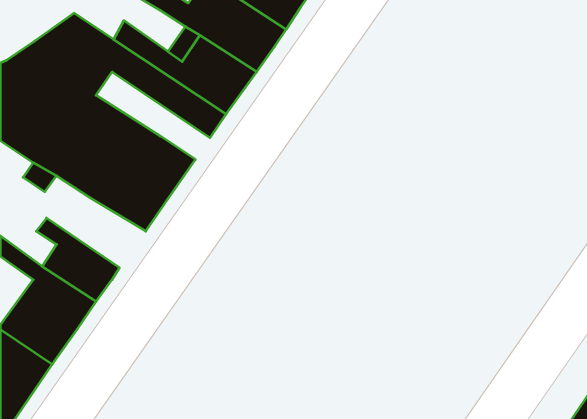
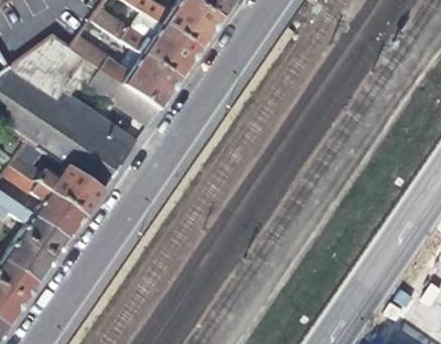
building: none -> [12,154,106,214]

